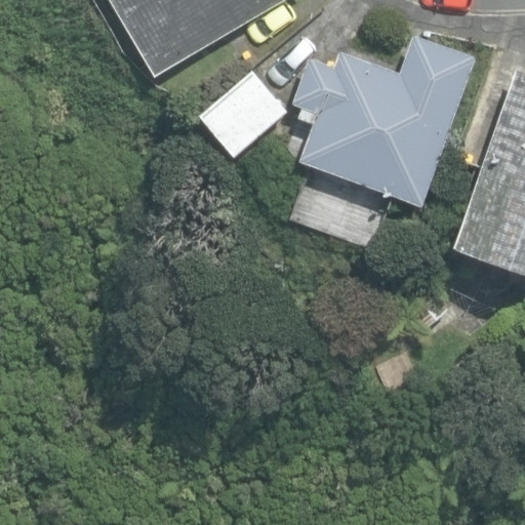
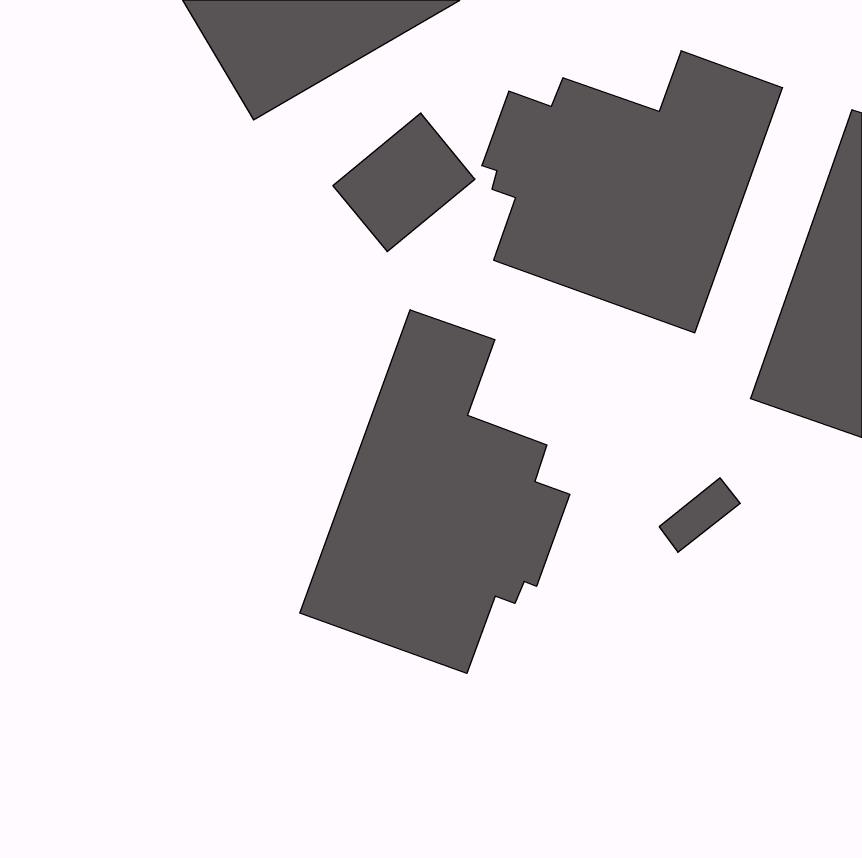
building: none -> [300,310,570,673]

